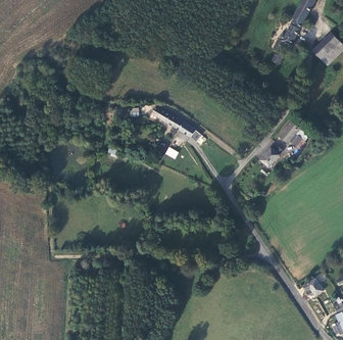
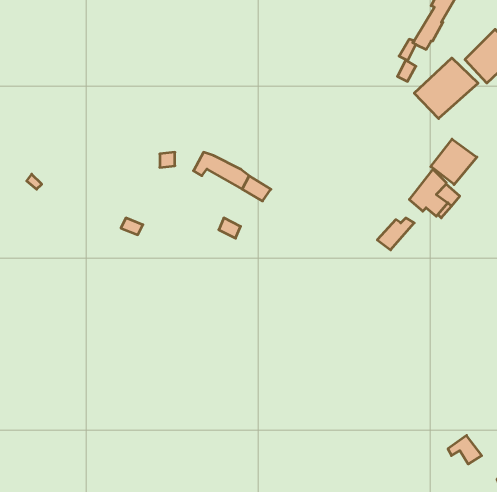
building: none -> [414,58,478,119]
building: none -> [431,139,477,185]

